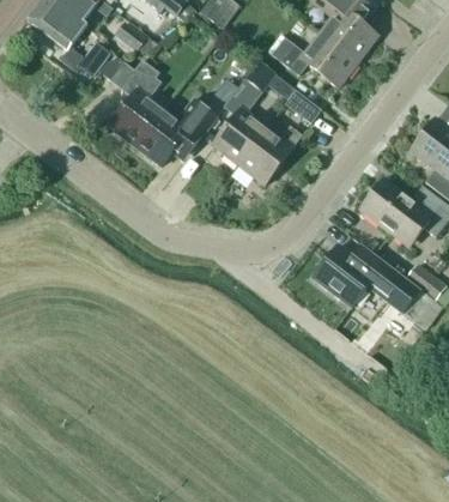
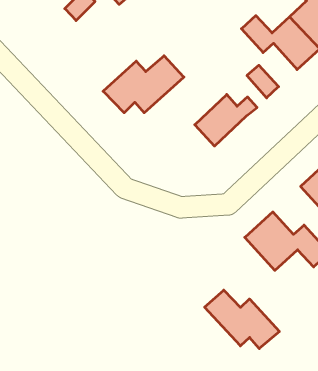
building: [98,58,164,146] -> none
building: [212,61,269,165] -> none
building: none -> [205,290,279,349]

